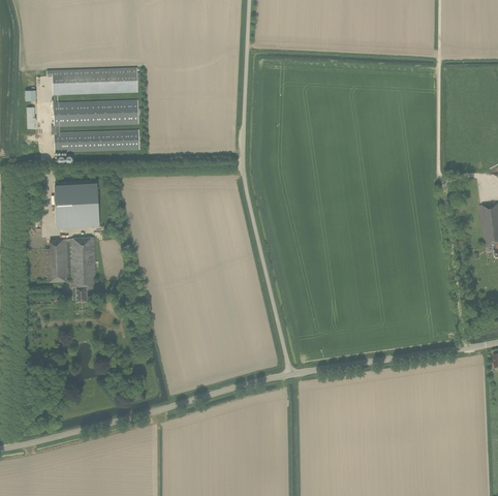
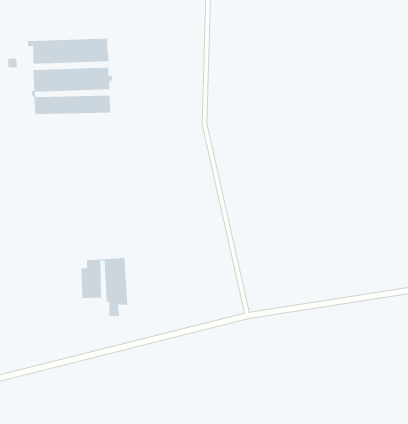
building: [55,183,99,221] -> none
building: [44,236,97,301] -> [81,258,128,316]

